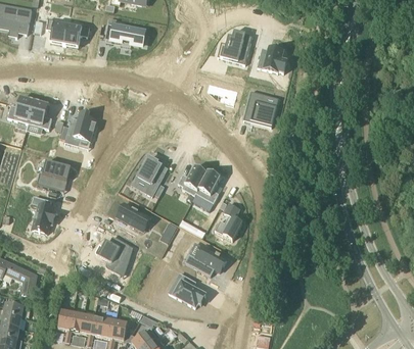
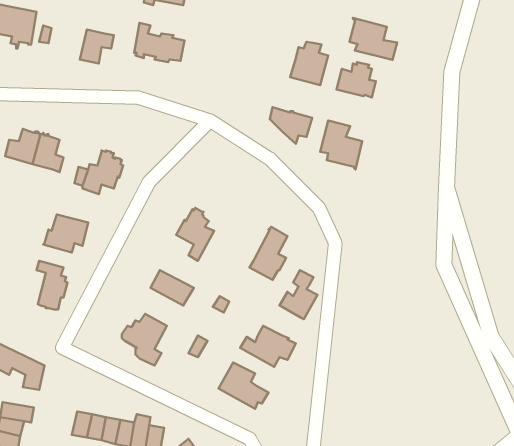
building: none -> [349,18,397,60]
building: [46,18,68,45] -> none
building: [177,166,206,196] -> none

